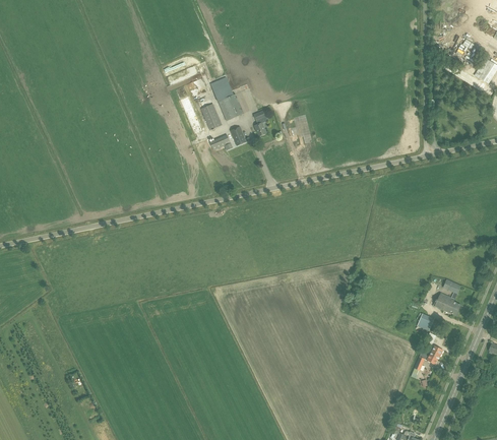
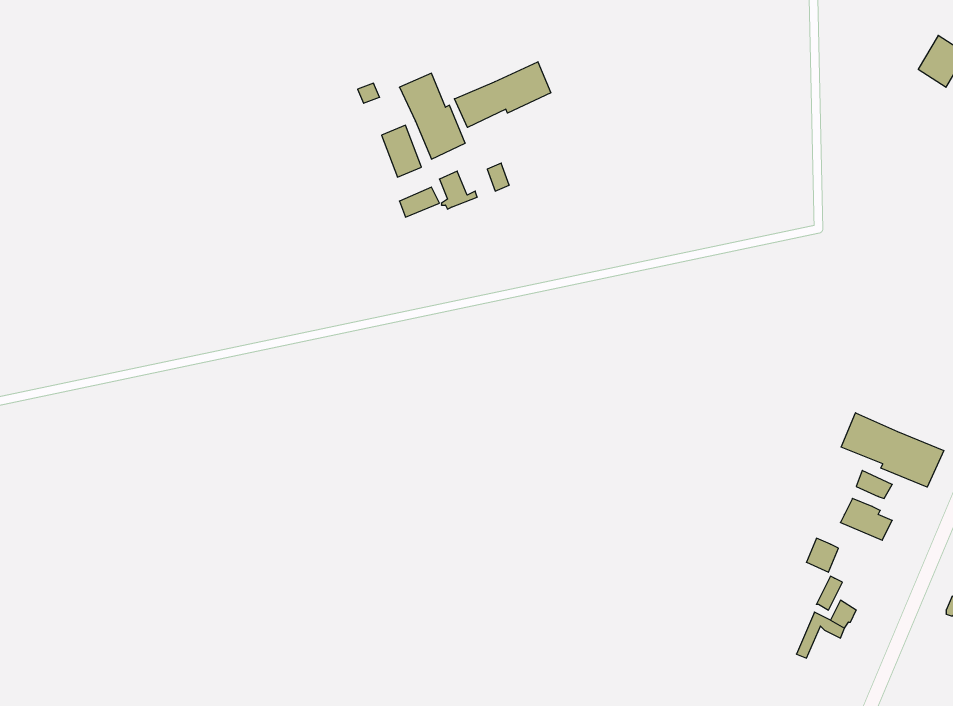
building: none -> [454,62,551,127]
building: none -> [841,413,944,487]

